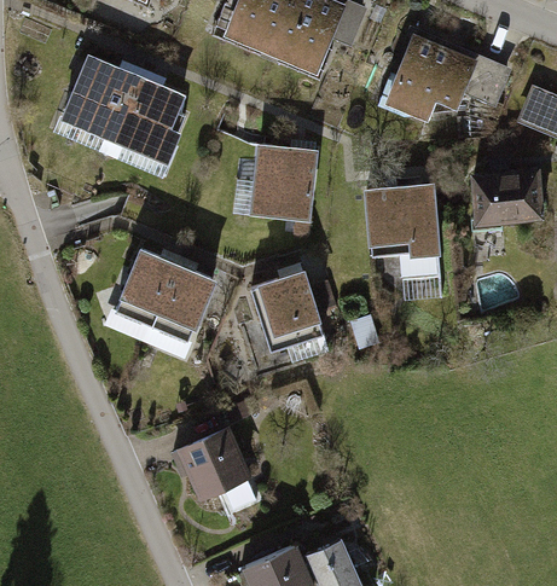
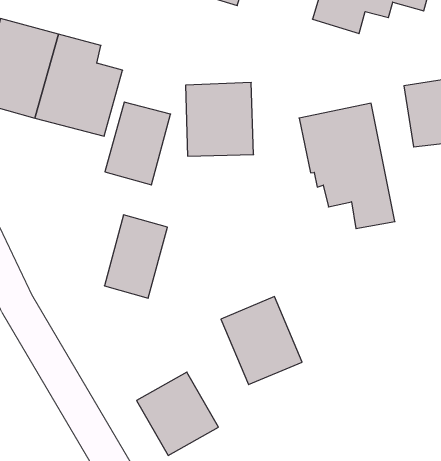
building: [112,248,182,331] -> [105,102,171,185]
building: [251,269,325,352] -> [221,297,302,385]

